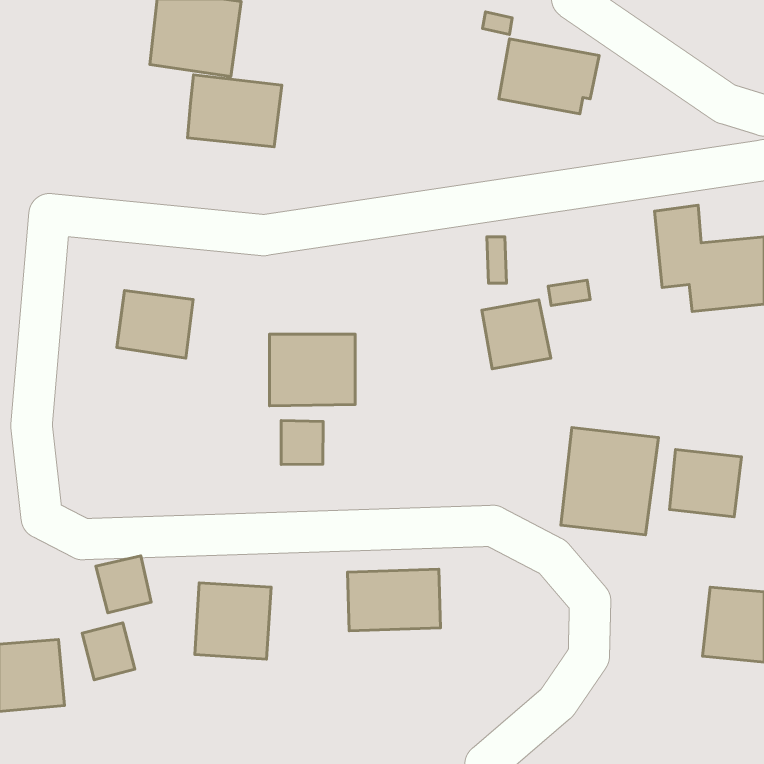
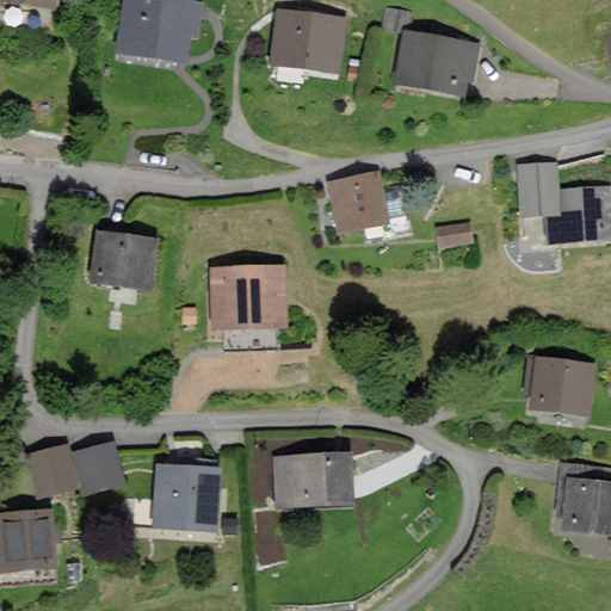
building: [187,75,282,147] -> [274,10,350,67]
building: [482,300,551,369] -> [332,173,387,228]
building: [281,420,323,464] -> none
building: [561,428,658,535] -> none
building: [82,623,135,680] -> [31,448,73,493]

